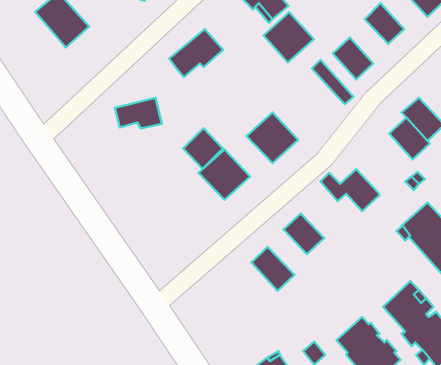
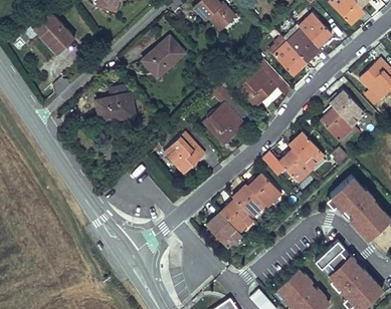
building: [263,12,314,63] -> [235,66,276,107]
building: none -> [287,28,321,62]
building: [183,128,223,169] -> none
building: none -> [288,131,324,168]
building: none -> [248,174,281,207]
building: none -> [220,199,254,233]

